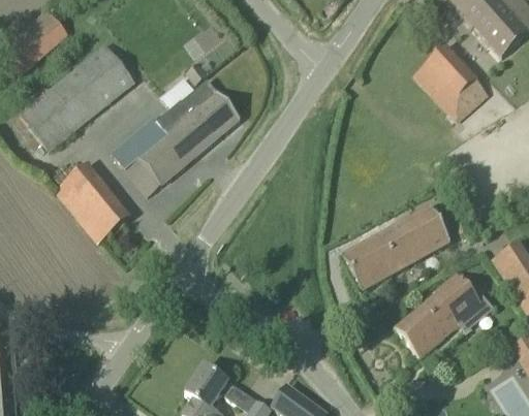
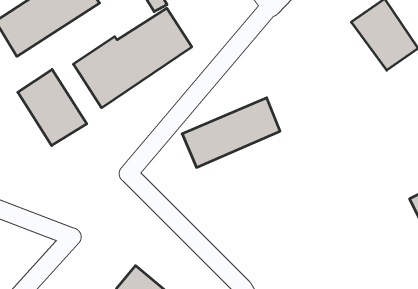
building: [342,205,449,290] -> [182,98,280,167]
building: [396,273,494,355] -> none

